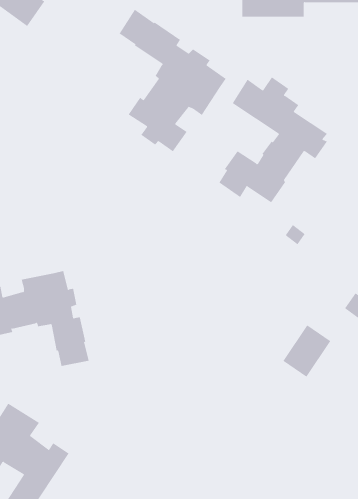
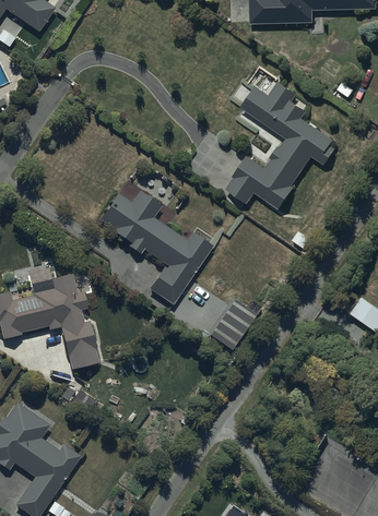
building: [119,9,227,152] -> none
building: none -> [99,190,213,304]
building: [283,325,331,377] -> [210,298,258,350]

